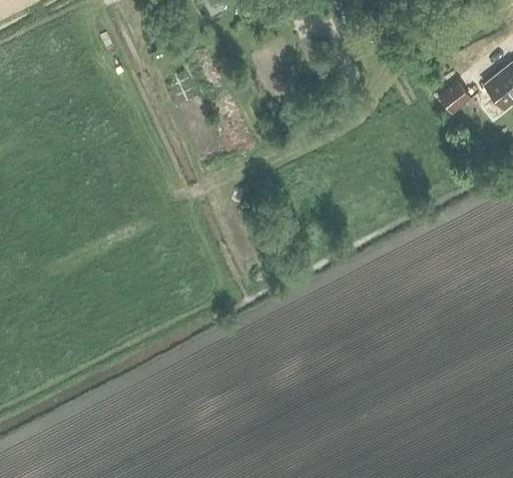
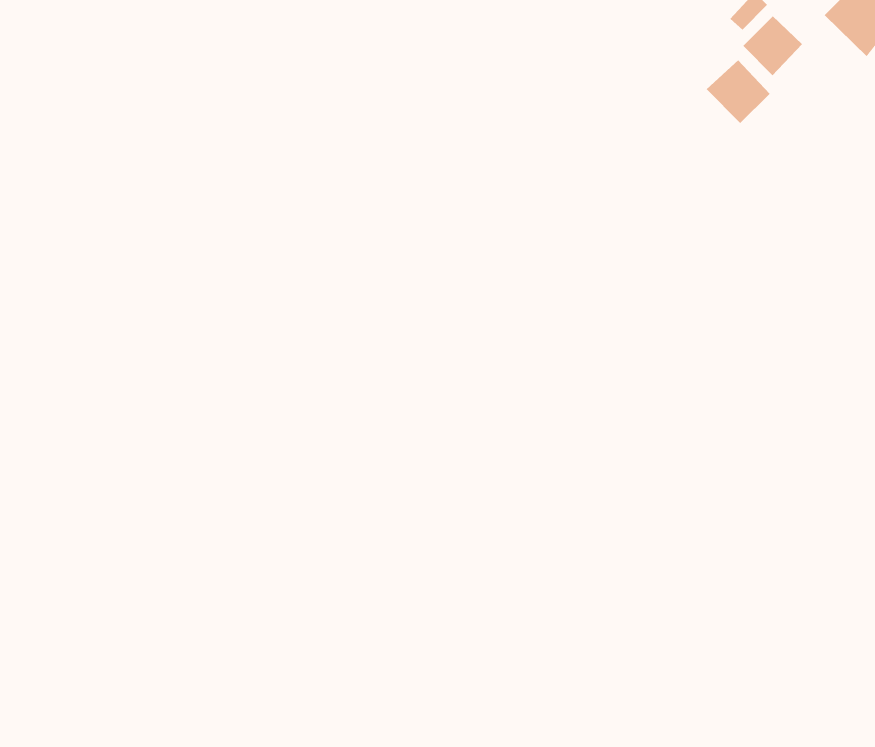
building: none -> [706,60,771,124]

